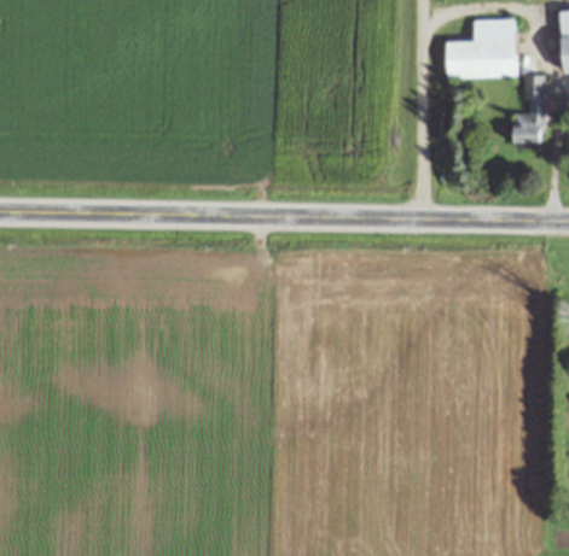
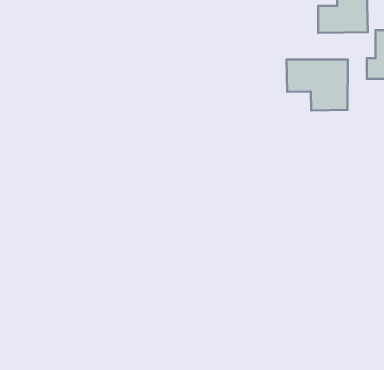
building: none -> [287,60,348,110]

